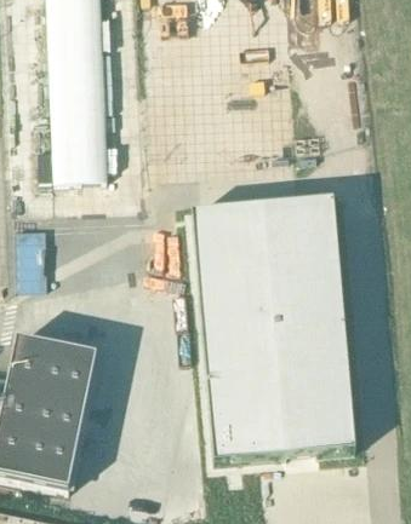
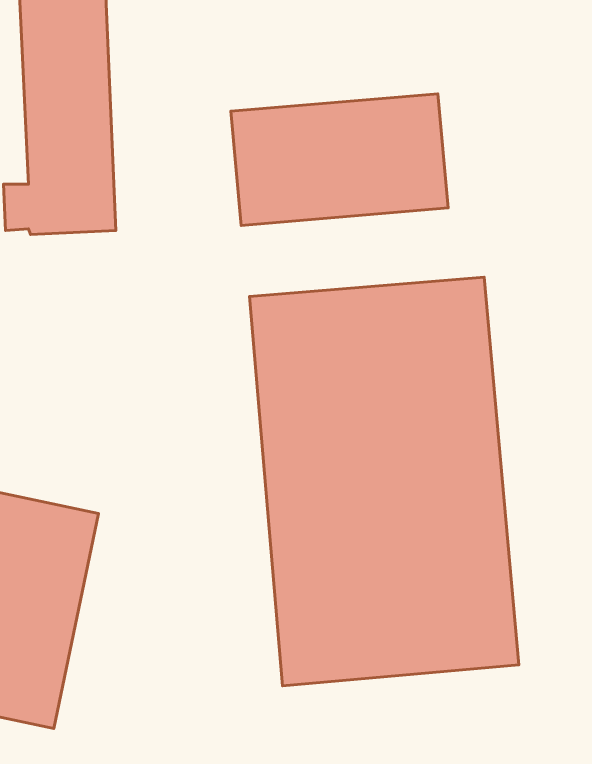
building: none -> [231,94,448,225]

